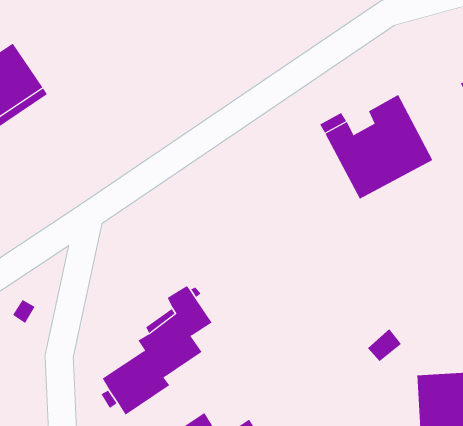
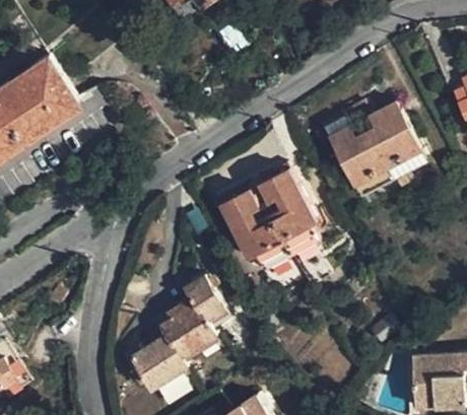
building: none -> [218,163,319,271]

